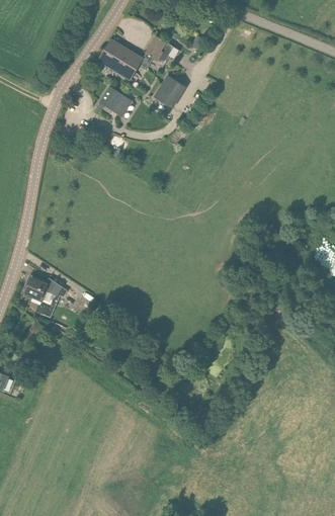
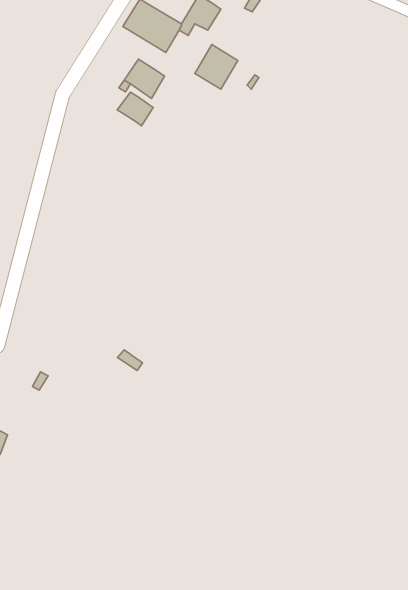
building: none -> [117,92,153,126]
building: [25,277,68,321] -> none

